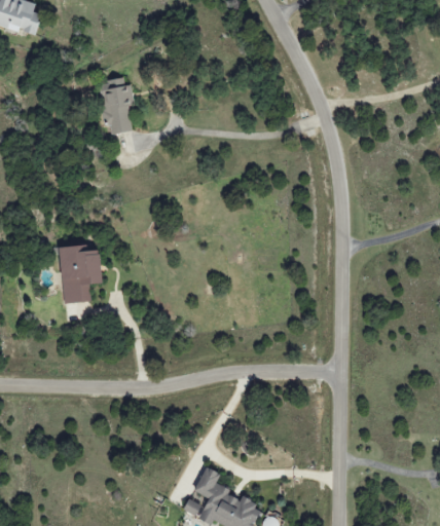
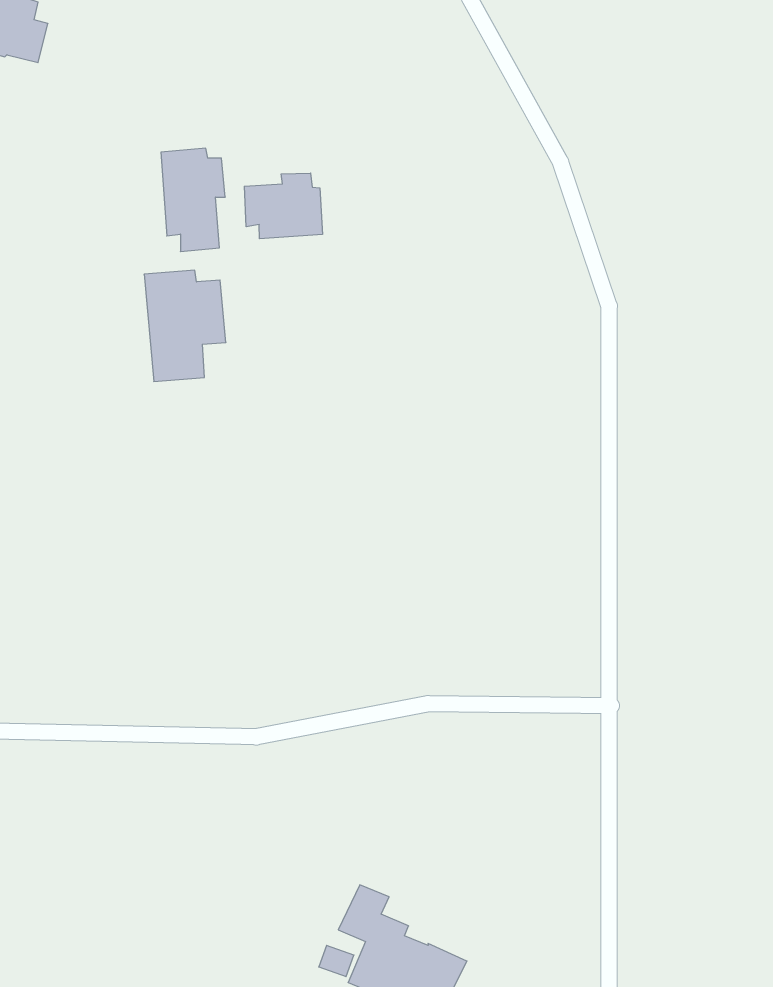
building: none -> [244,173,322,239]
building: [59,246,102,304] -> [144,270,226,381]

